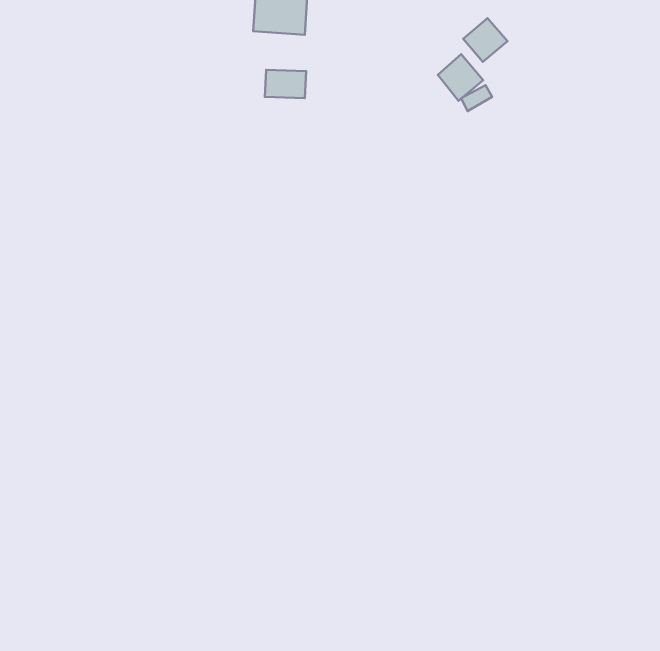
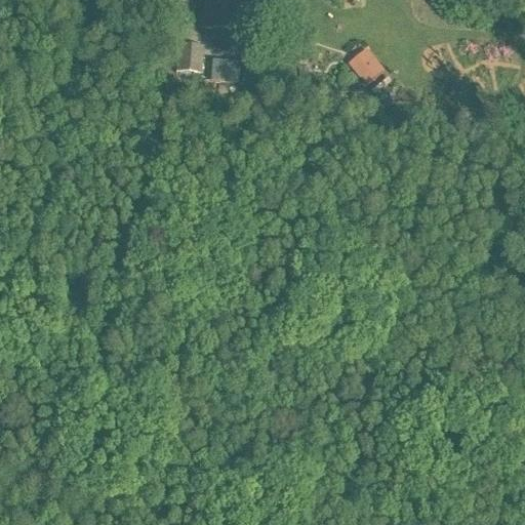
building: [463,18,508,62] -> none
building: none -> [175,40,201,70]

